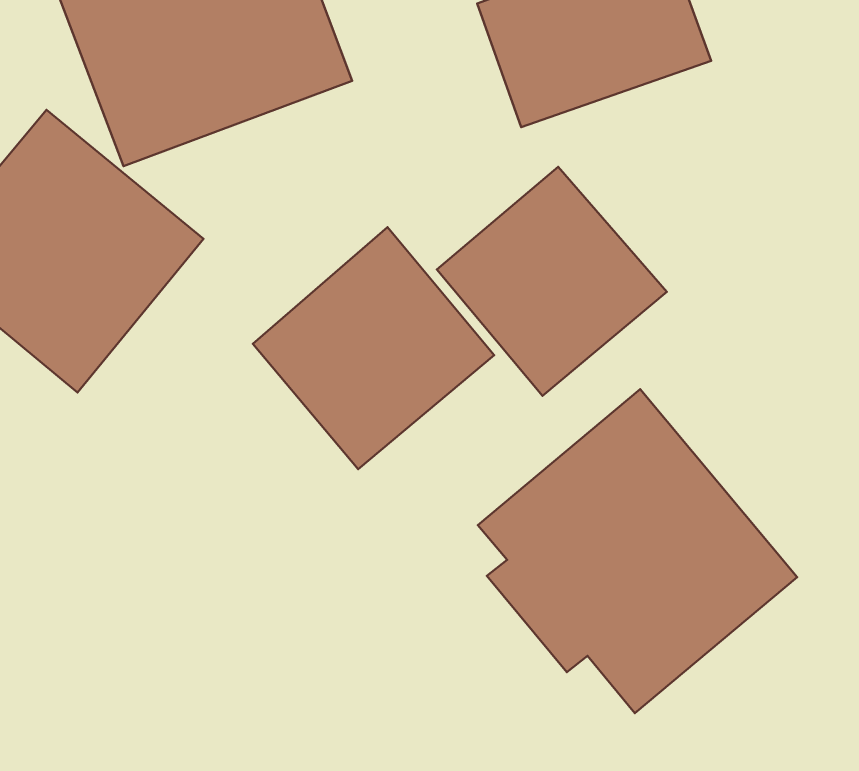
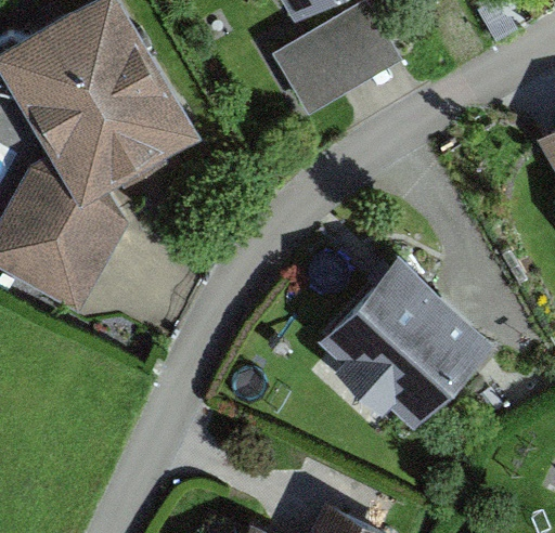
building: [437,167,667,396] -> none
building: [253,227,494,469] -> none

